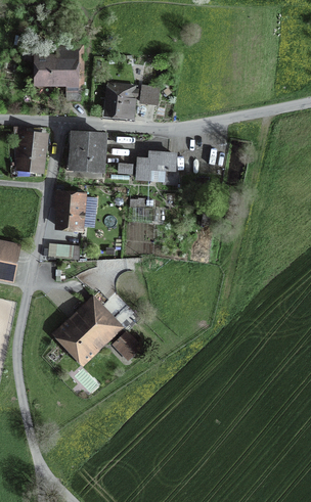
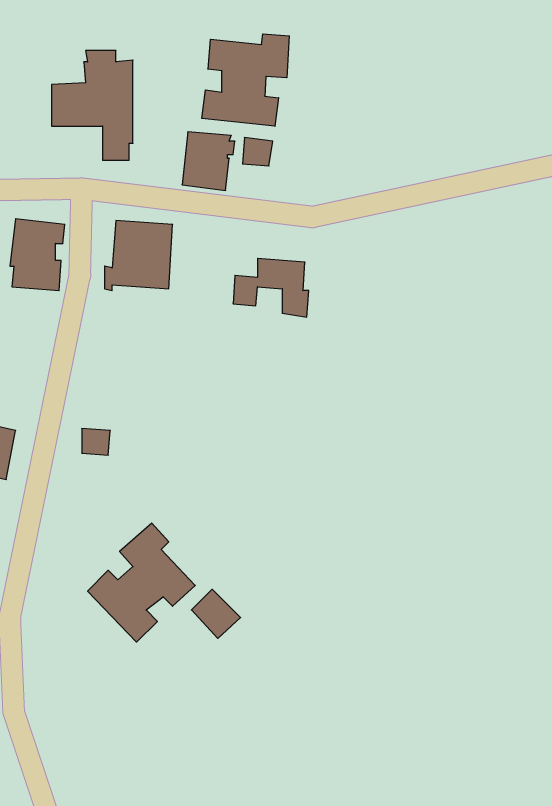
building: none -> [202,34,289,126]
building: [58,191,86,229] -> none

